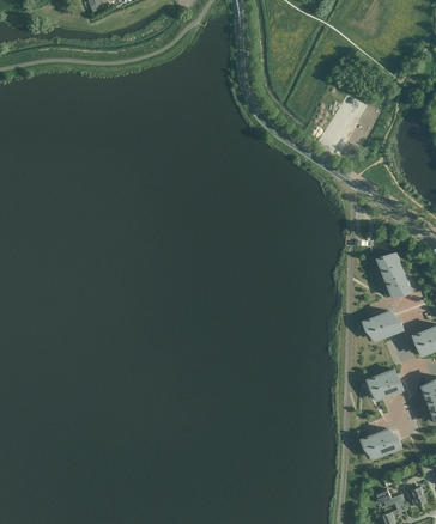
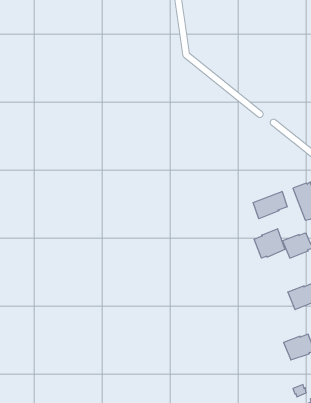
building: none -> [253,191,287,219]
building: none -> [254,229,285,258]

